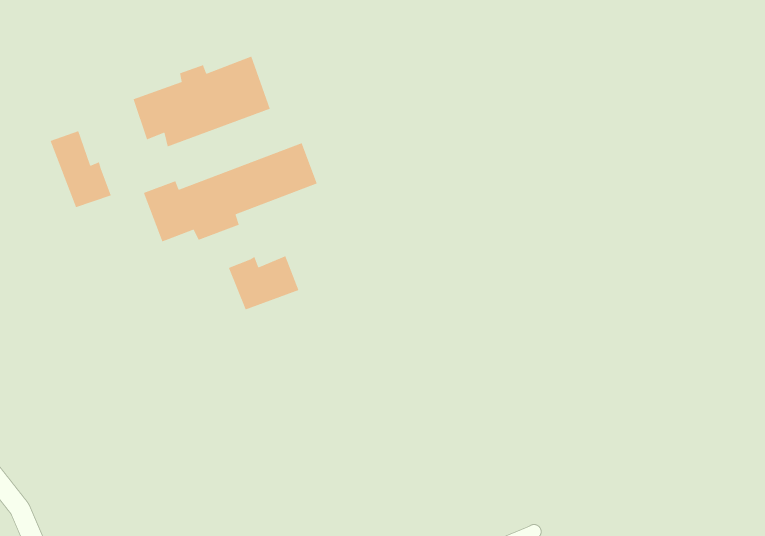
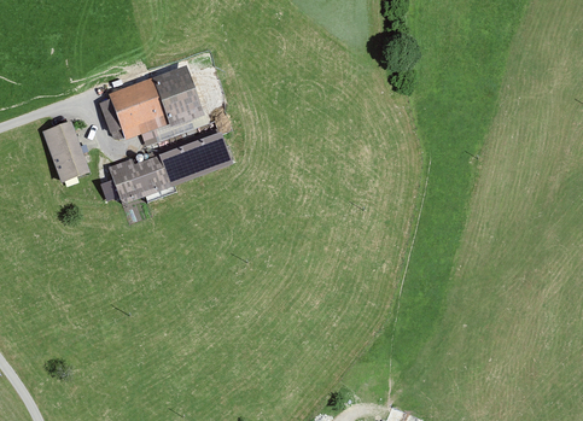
building: [228,255,300,311] -> none

